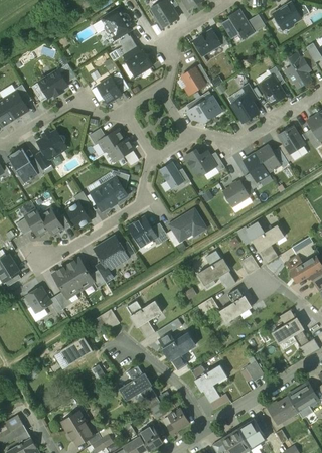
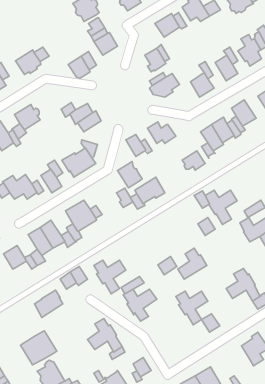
building: [128,216,155,246] -> [117,161,142,188]
building: [195,252,233,290] -> none
building: [190,365,225,403] -> [176,291,208,325]
building: none -> [20,331,57,365]
building: [266,397,297,424] -> none

